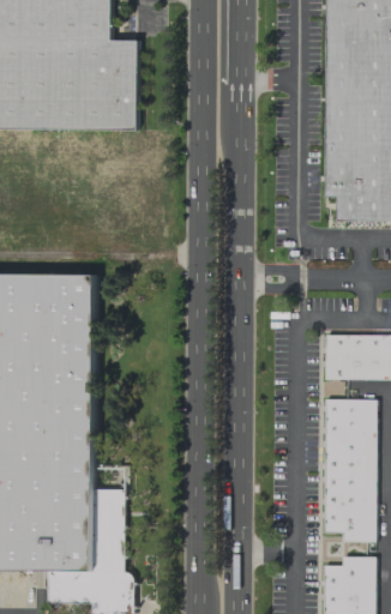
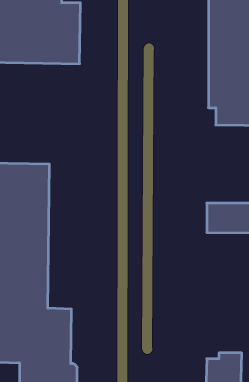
building: [323,399,375,541] -> none

